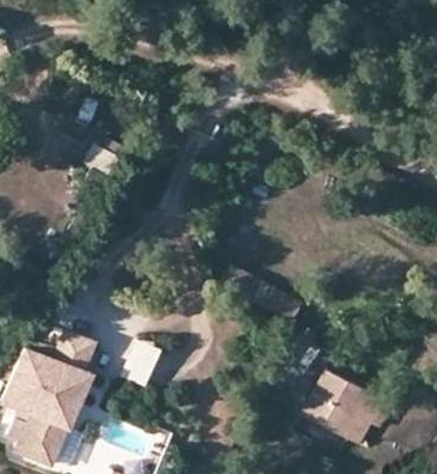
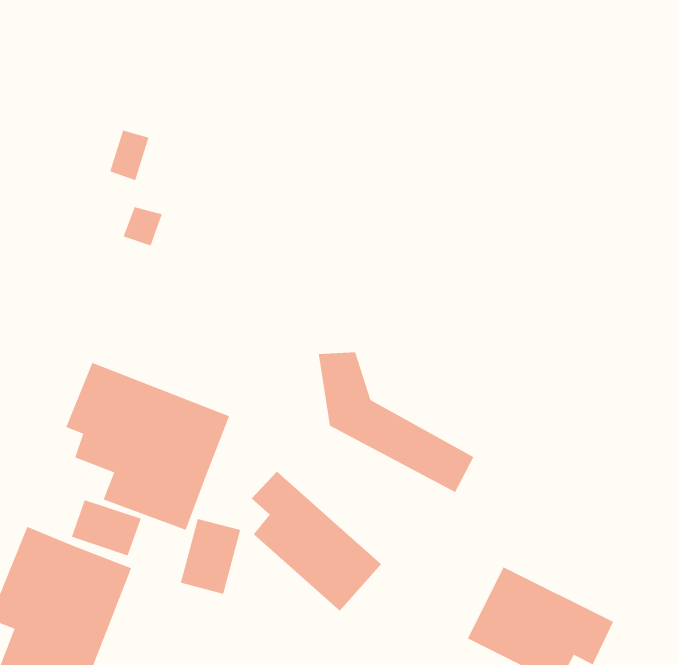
building: none -> [65,362,230,531]
building: none -> [251,471,382,611]

